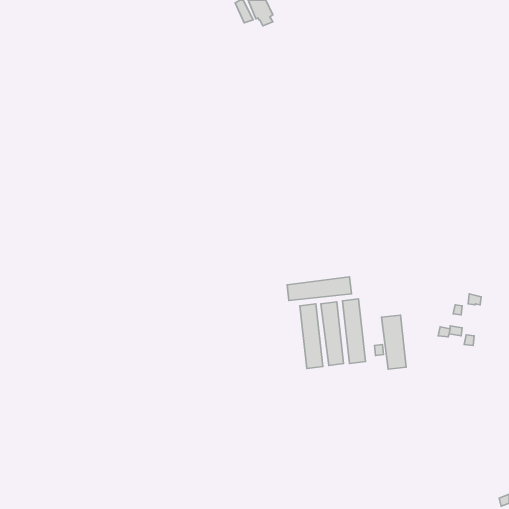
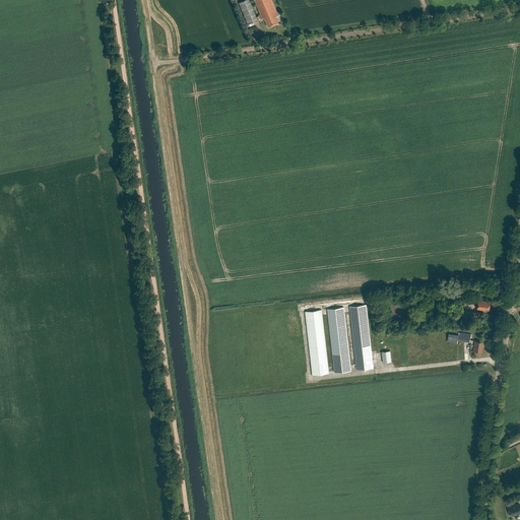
building: [287,277,352,300] -> none
building: [382,315,406,369] -> none

